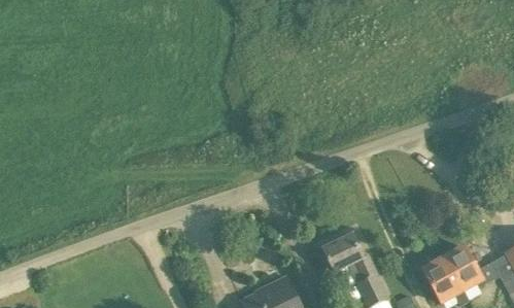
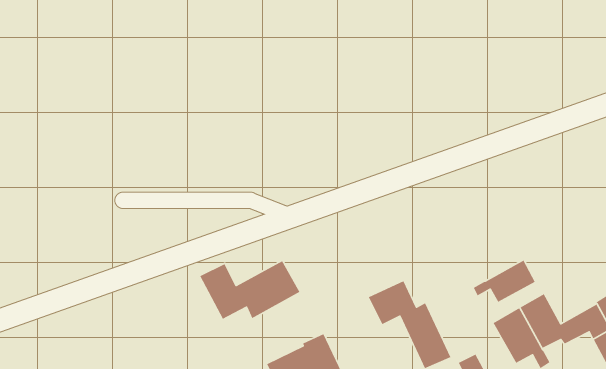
building: none -> [473,260,536,303]
building: none -> [199,260,300,320]

